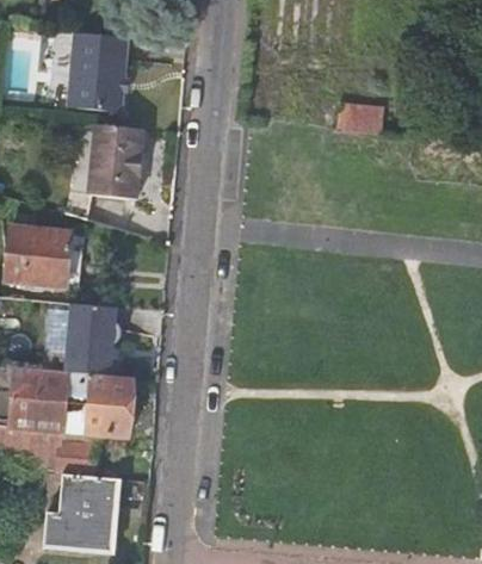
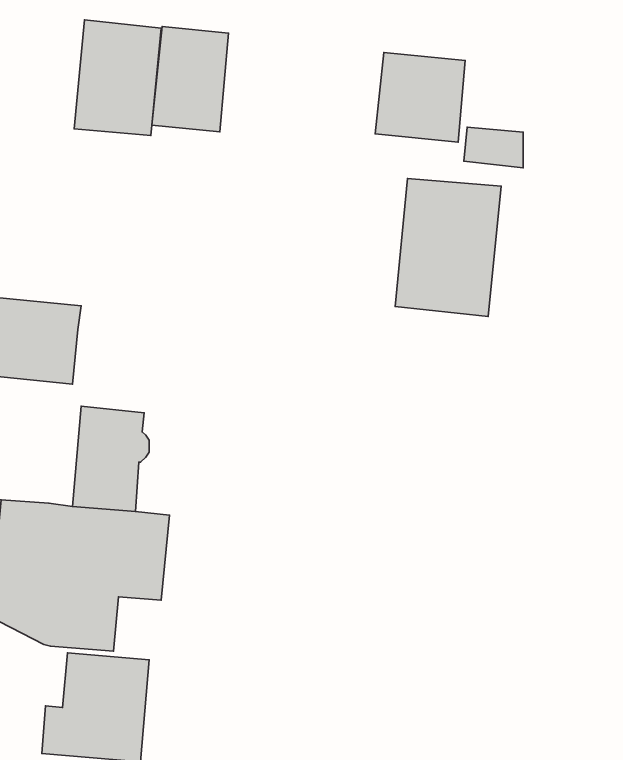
building: none -> [375,53,465,142]
building: [88,124,142,198] -> [152,26,228,132]
building: none -> [395,178,501,316]

